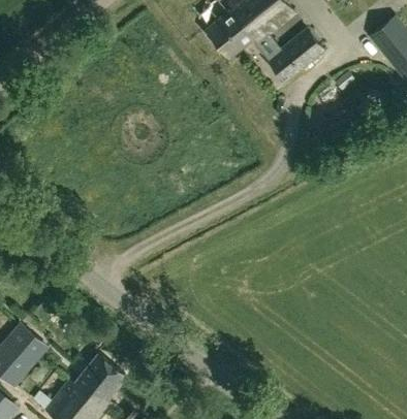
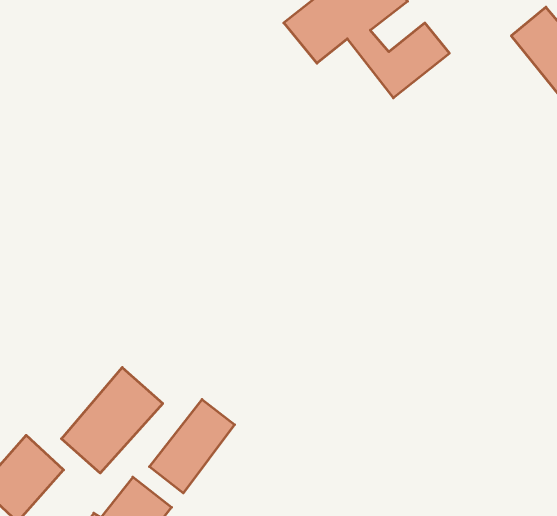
building: none -> [61,367,163,473]
building: none -> [149,399,235,493]

